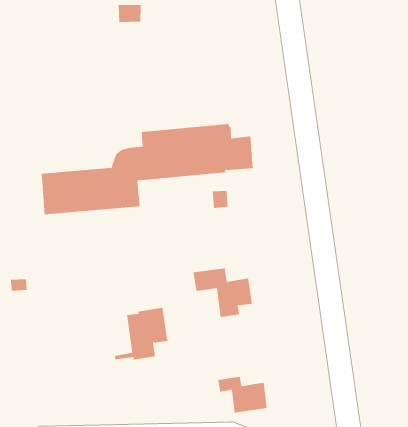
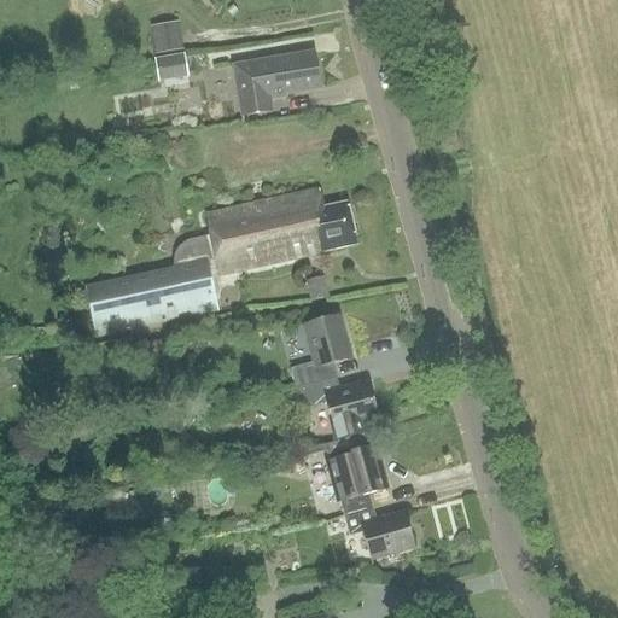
building: none -> [234,48,320,111]
building: none -> [291,313,350,383]
building: [114,307,168,360] -> [321,443,387,518]

